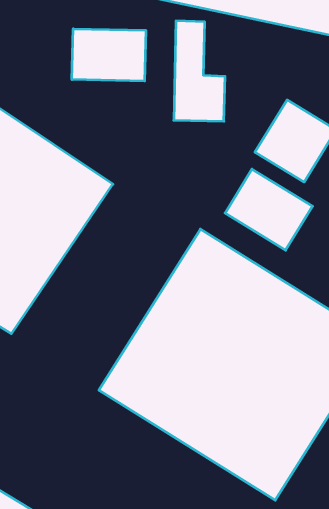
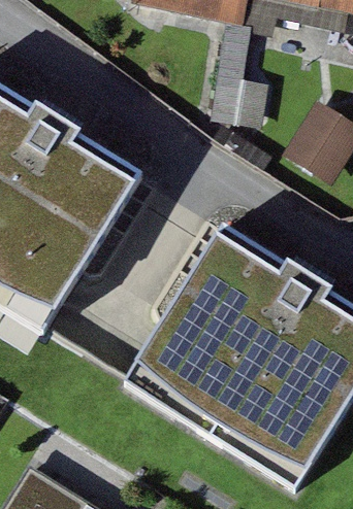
building: [72,29,146,81] -> none
building: [225,169,313,250] -> none

